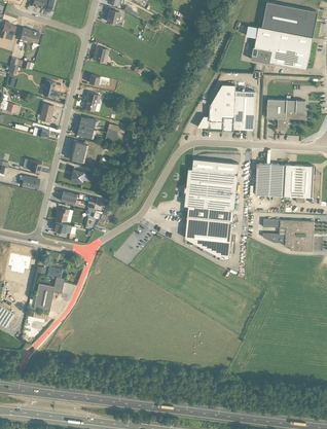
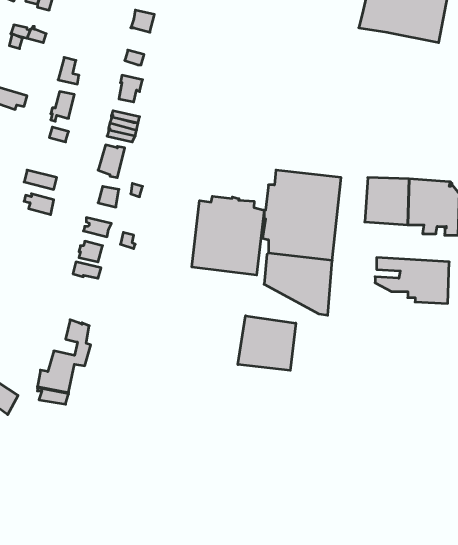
building: [196,83,255,130] -> none
building: [266,98,305,130] -> none
building: none -> [192,196,264,275]
building: none -> [238,316,296,370]

